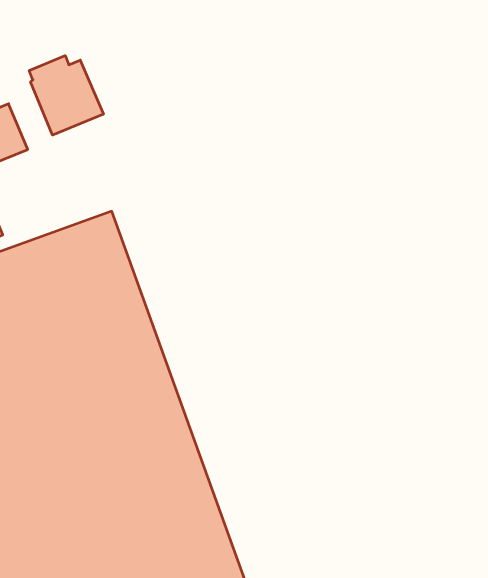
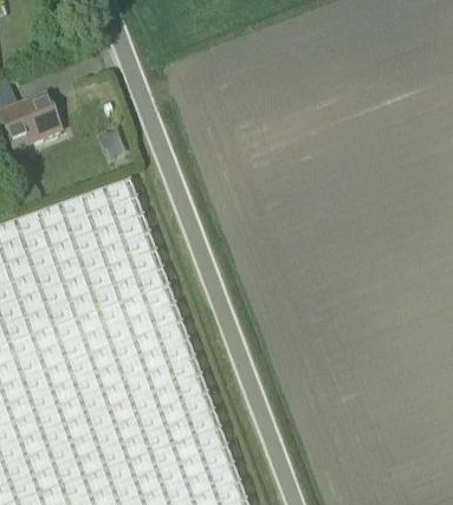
building: [29,56,103,135] -> none

